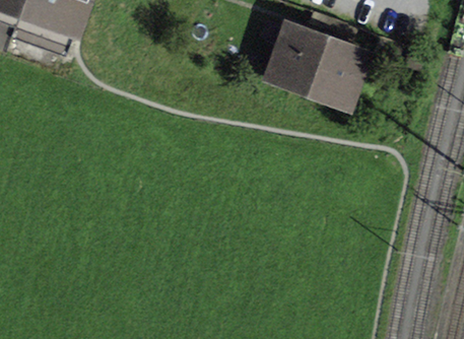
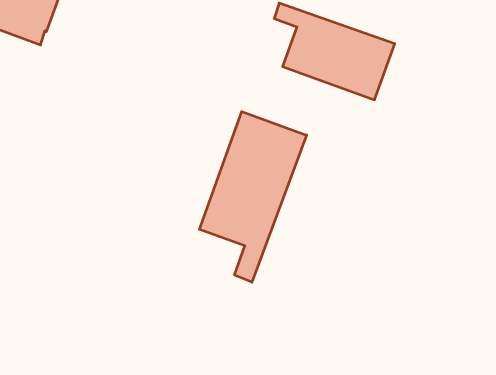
building: none -> [199,112,307,282]

